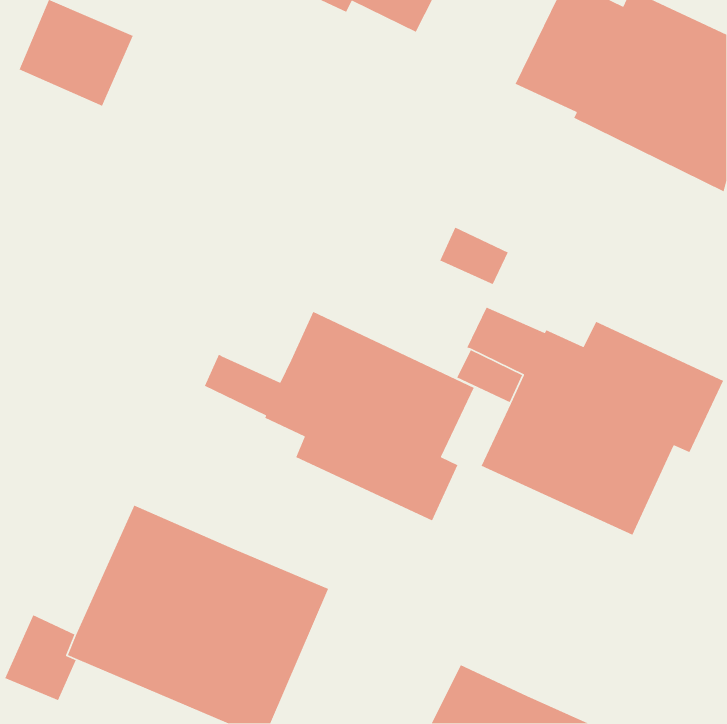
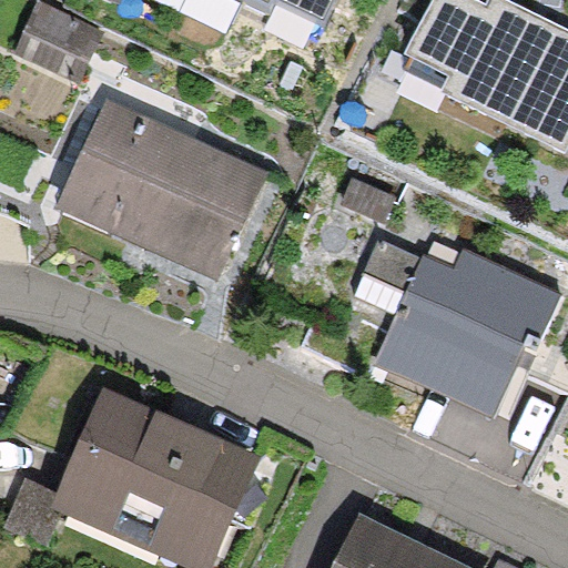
building: none -> [54,98,267,283]
building: [204,311,475,521] -> none

